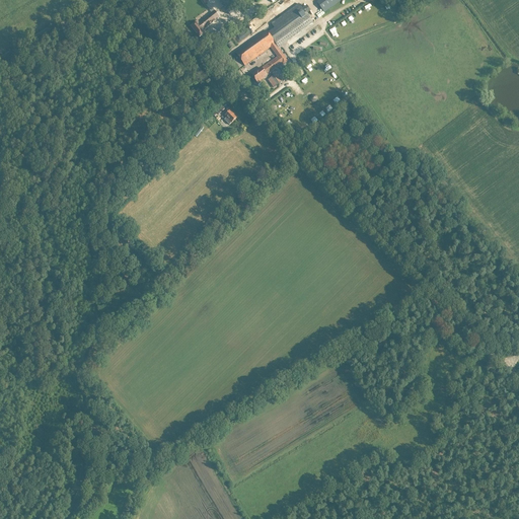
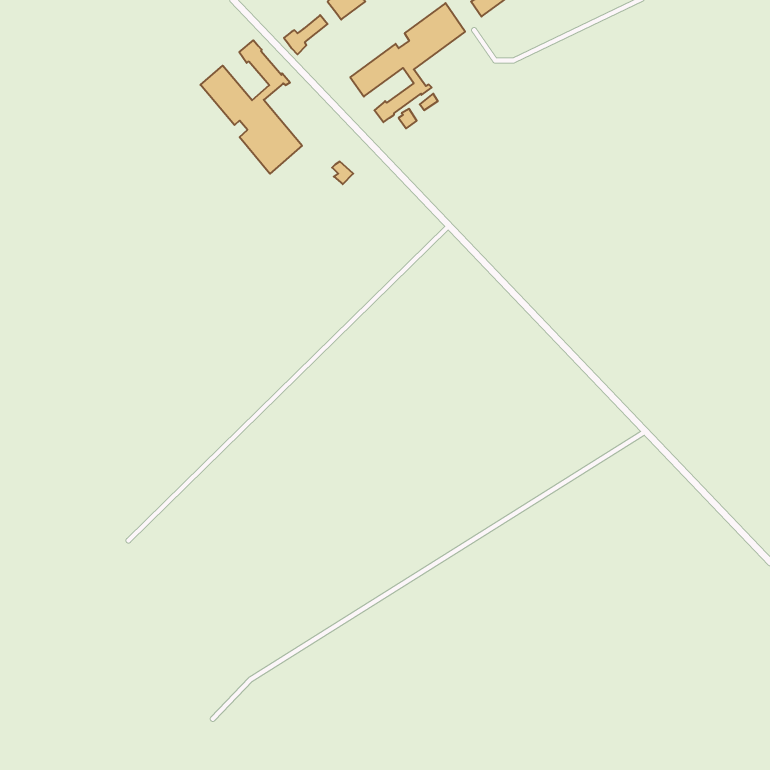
building: none -> [200,40,302,174]

